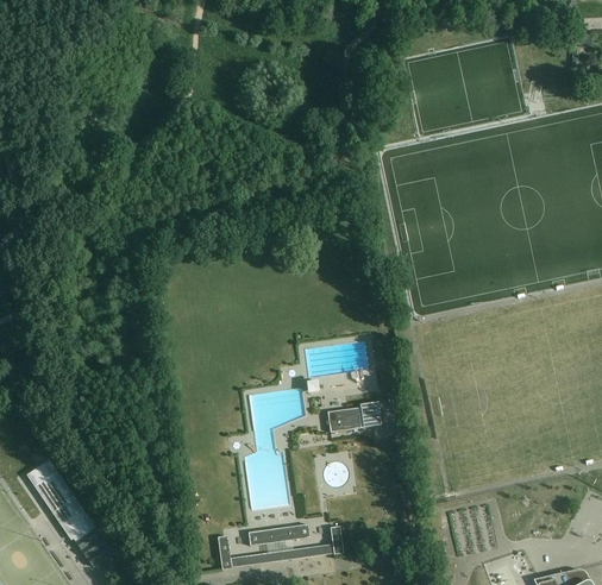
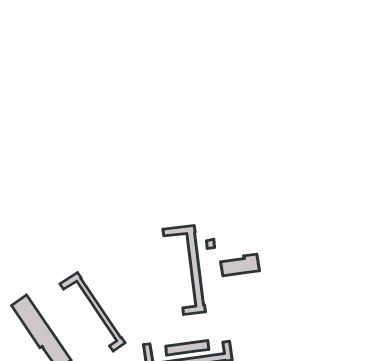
building: none -> [163,225,205,315]
building: none -> [60,272,125,351]

